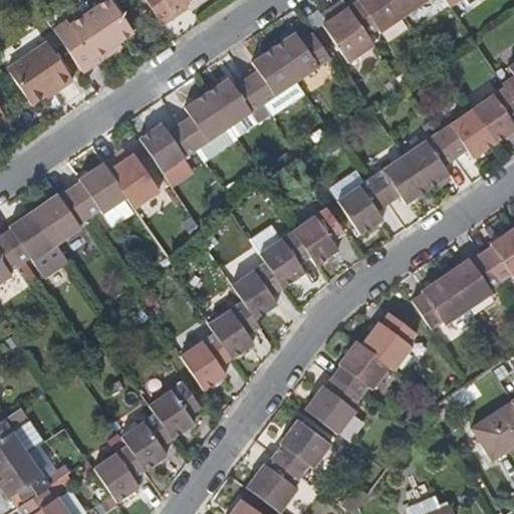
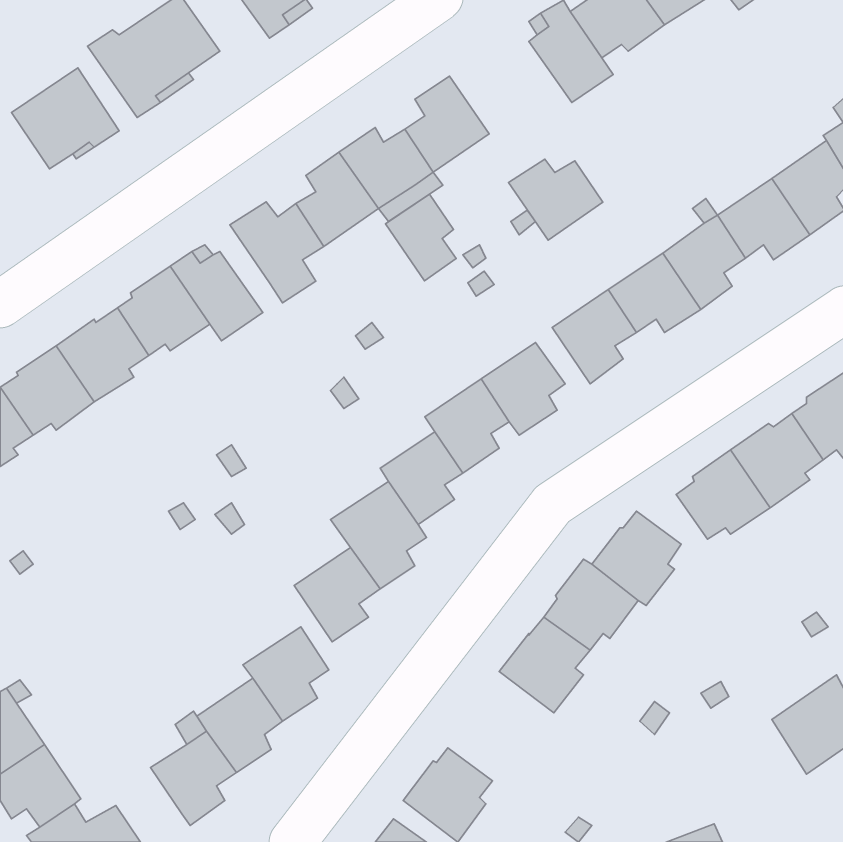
building: [274,32,331,81] -> [509,159,603,240]
building: none -> [386,194,456,281]
building: [273,419,329,474] -> none

